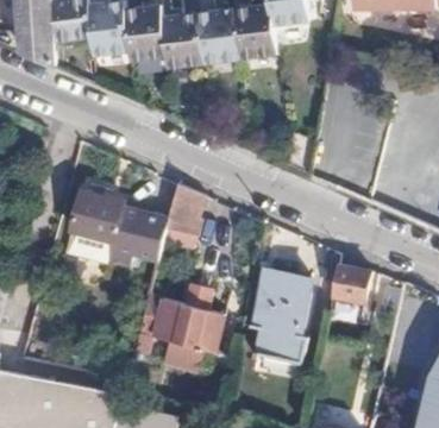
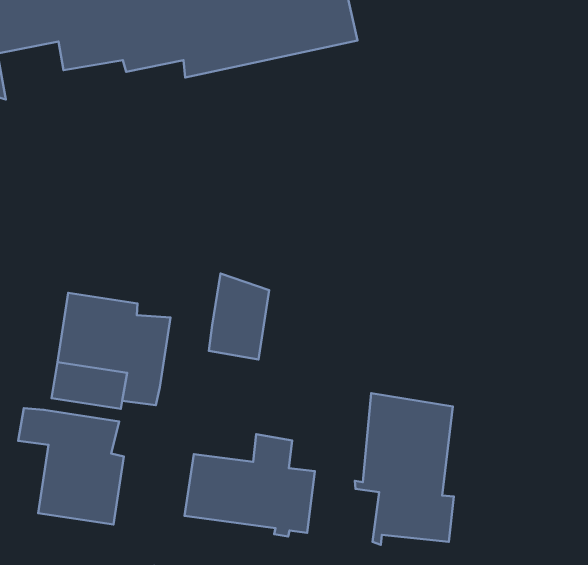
building: [132,210,168,259] -> none
building: none -> [18,408,124,525]
building: [328,263,368,306] -> none

